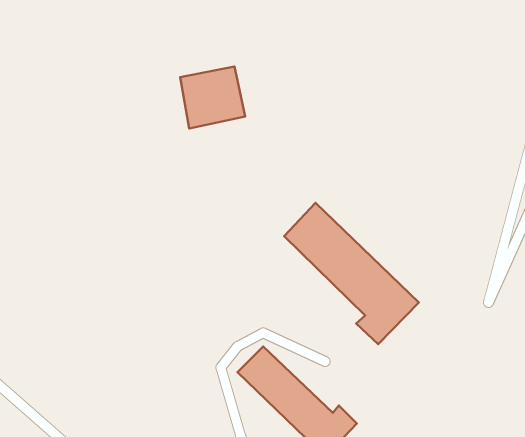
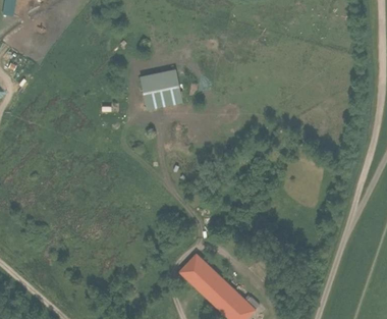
building: [284,203,419,344] -> none

